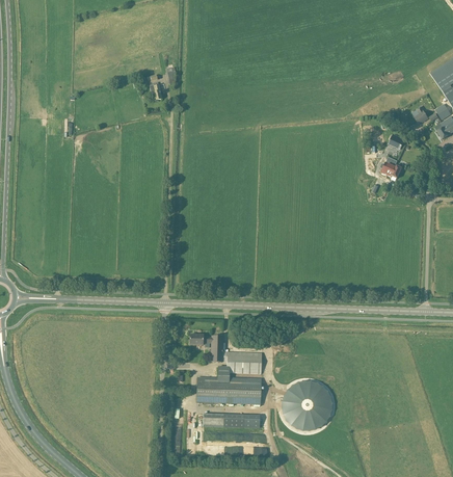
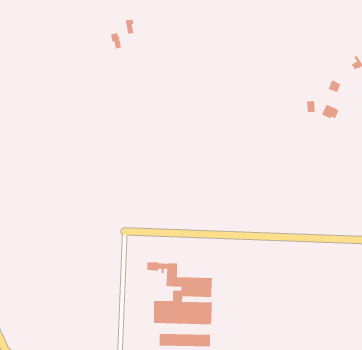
building: [287,378,335,427] -> none

